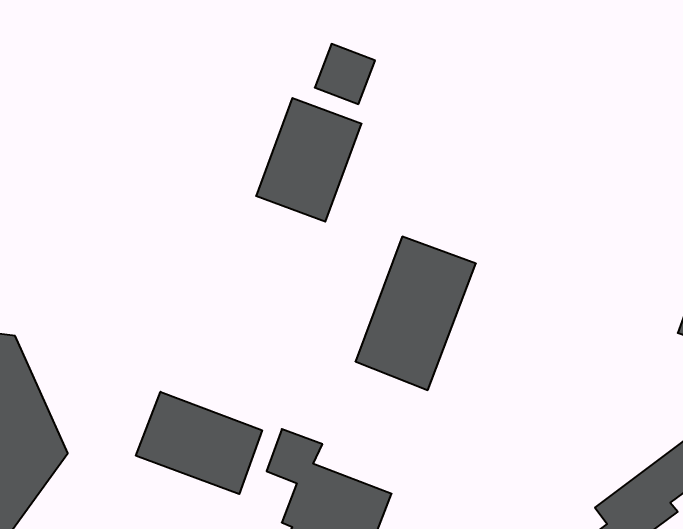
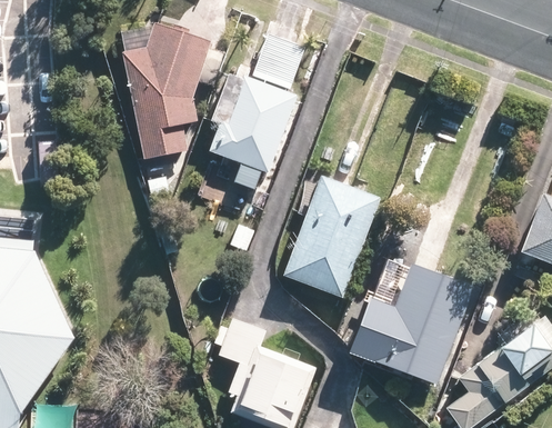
building: none -> [127,26,207,156]
building: none -> [354,269,468,379]
building: [136,392,262,494] -> none

